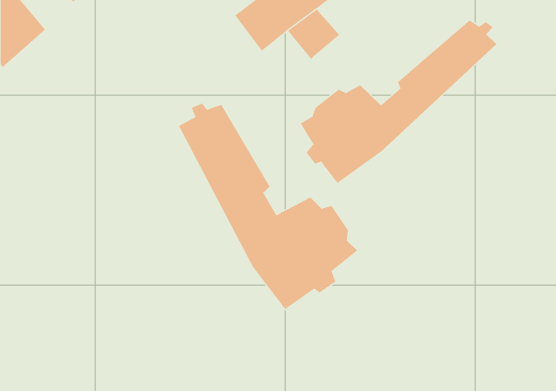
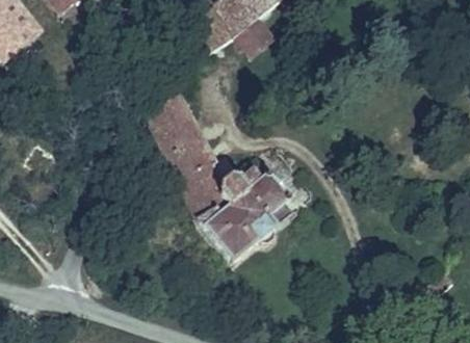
building: [300,19,497,184] -> none

